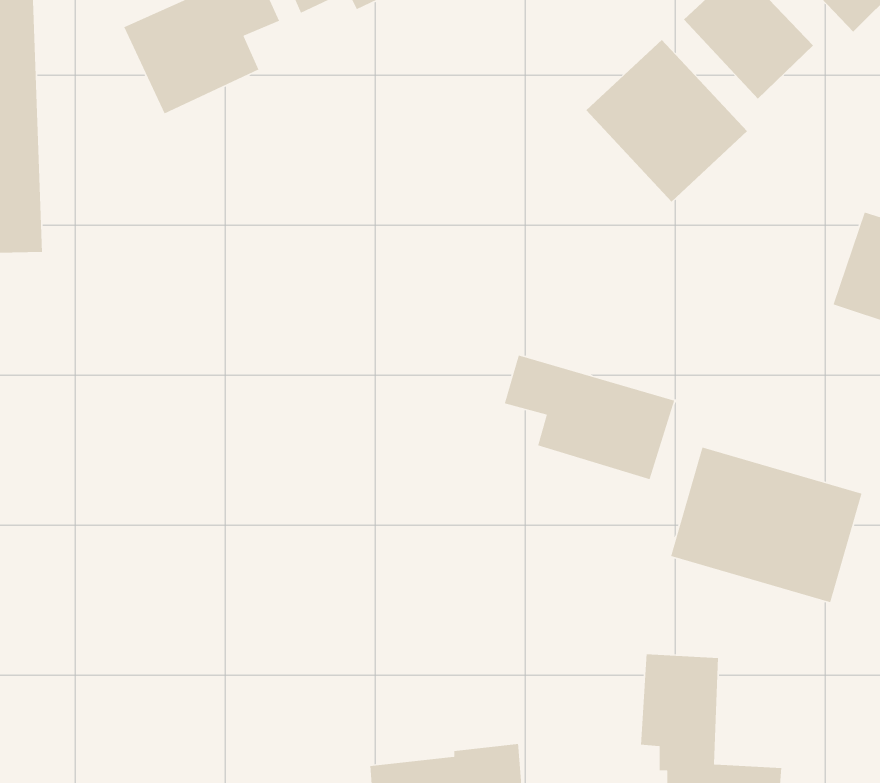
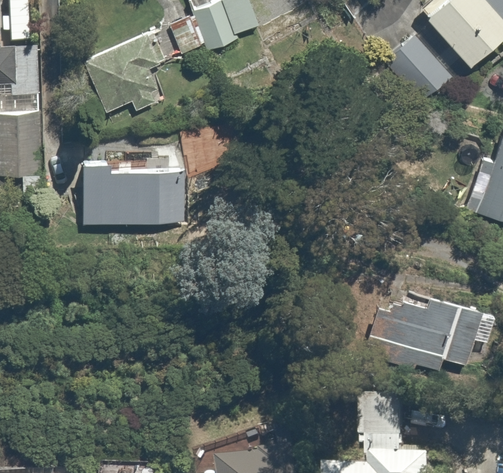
building: [585,39,748,202] -> none
building: none -> [82,160,187,231]
building: [504,355,675,480] -> none

